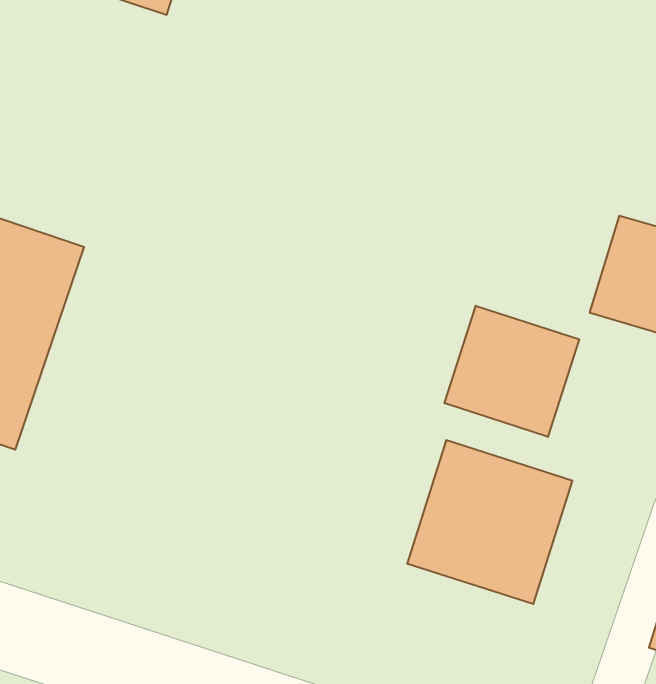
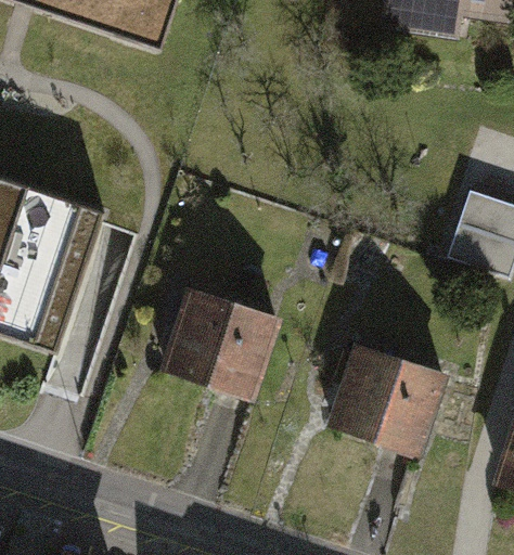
building: [444,306,579,437] -> none
building: none -> [162,283,277,396]

